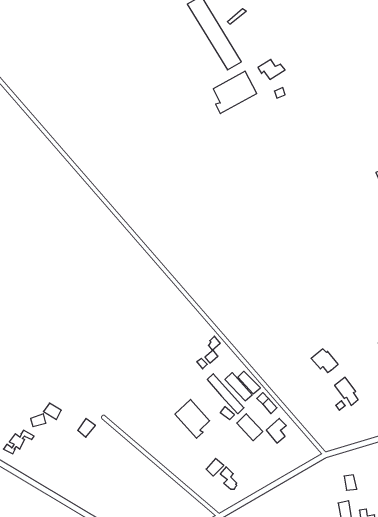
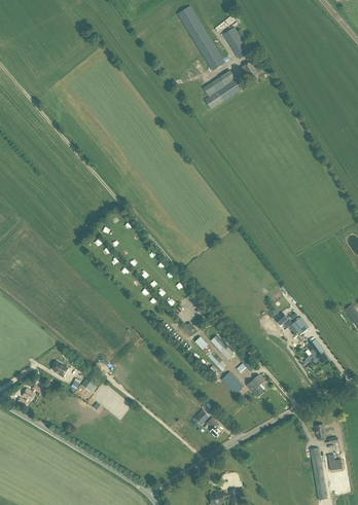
building: none -> [222,27,249,59]
building: [175,399,210,438] -> none

